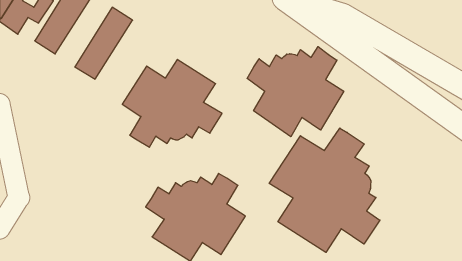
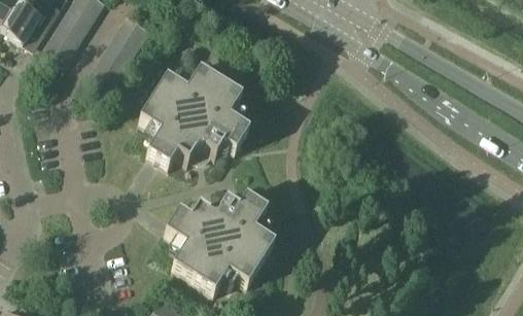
building: [247,47,344,137] -> none
building: [269,128,380,252] -> none

